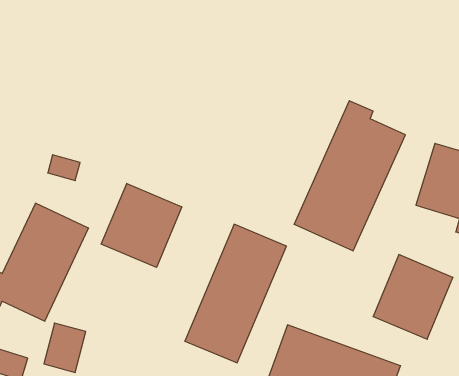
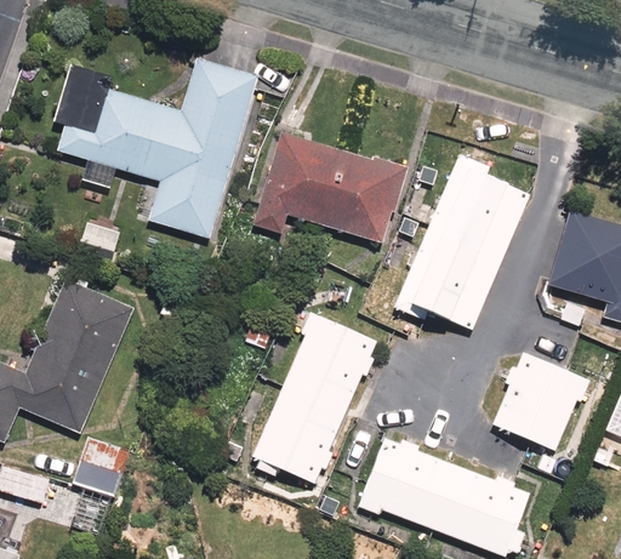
building: none -> [47,56,263,246]
building: none -> [250,129,406,239]
building: [101,183,182,267] -> none

